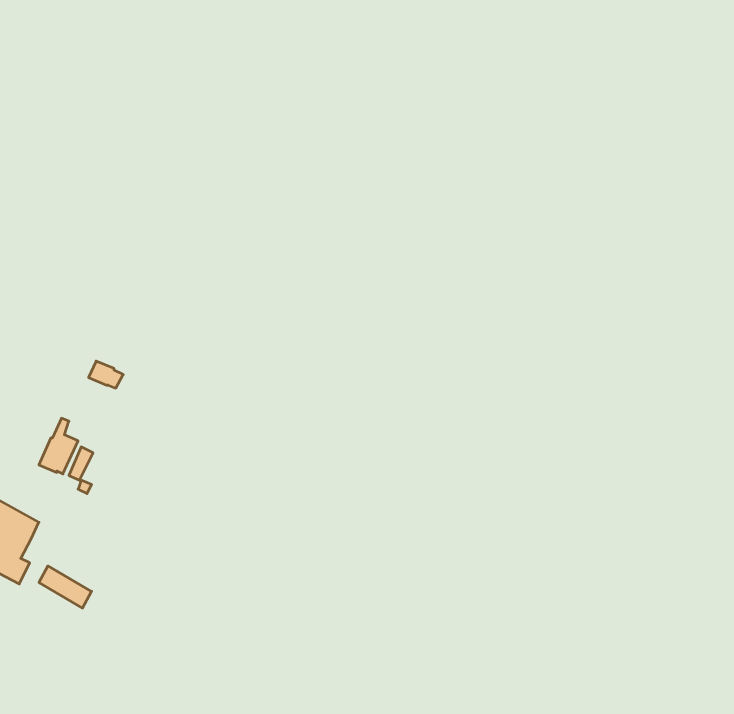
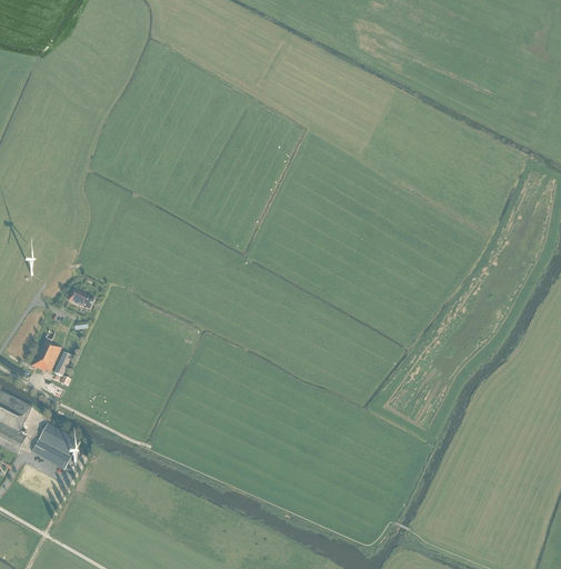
building: none -> [37,423,79,458]

